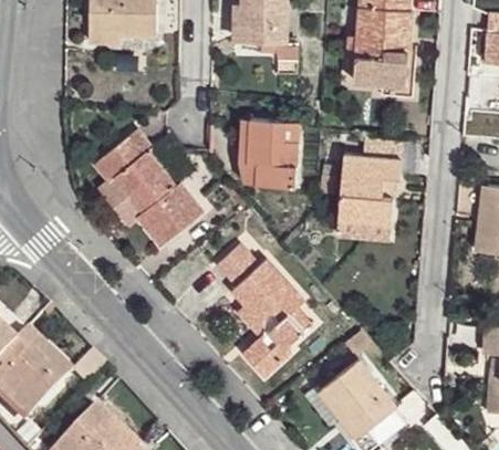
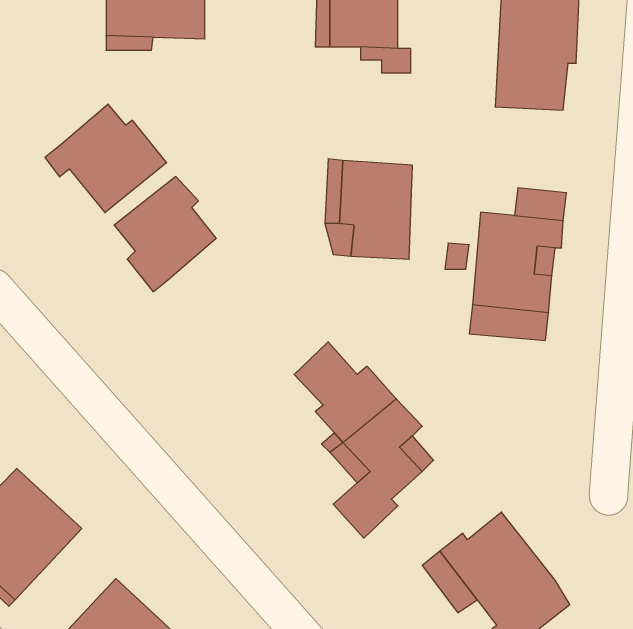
building: [121,170,204,244] -> [45,104,167,213]

